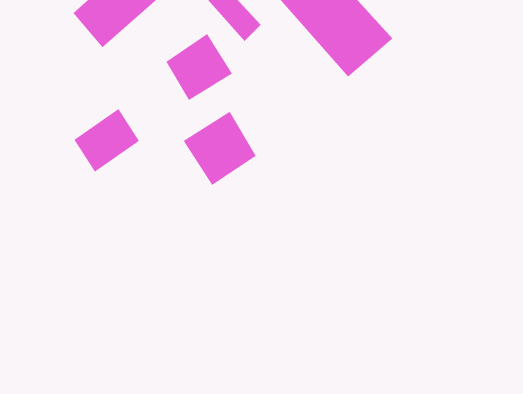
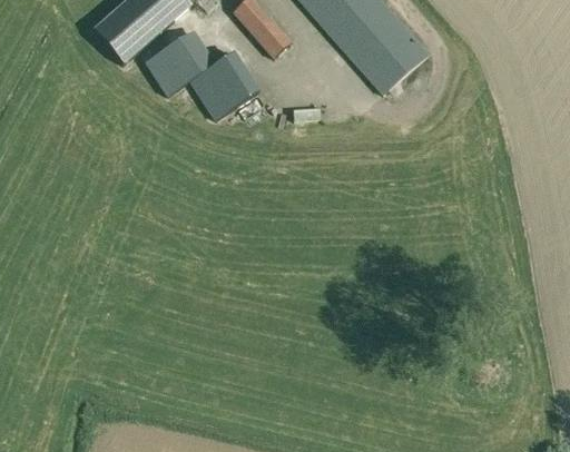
building: [73,108,140,172] -> [144,28,214,96]
building: [183,111,256,186] -> none

